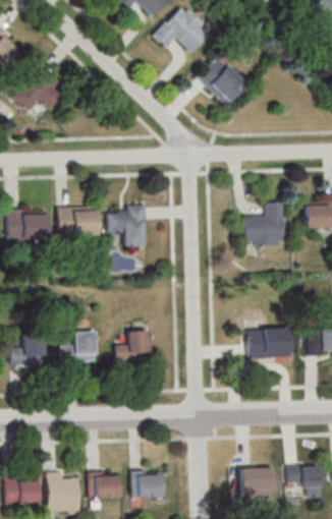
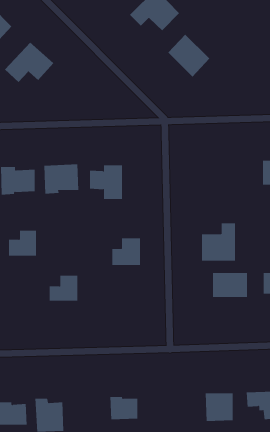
building: [244,203,284,246] -> [201,223,236,261]
building: [116,331,150,362] -> [112,238,141,265]
building: [11,337,44,366] -> [8,230,37,256]
building: [89,471,121,498] -> none

